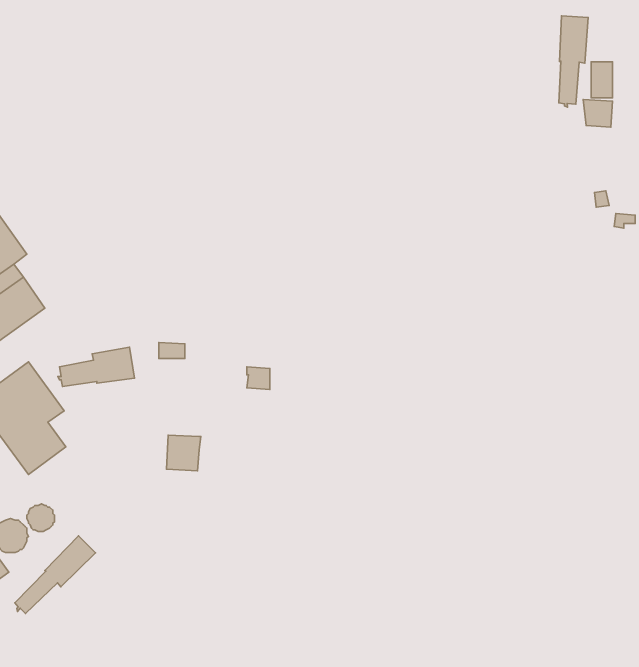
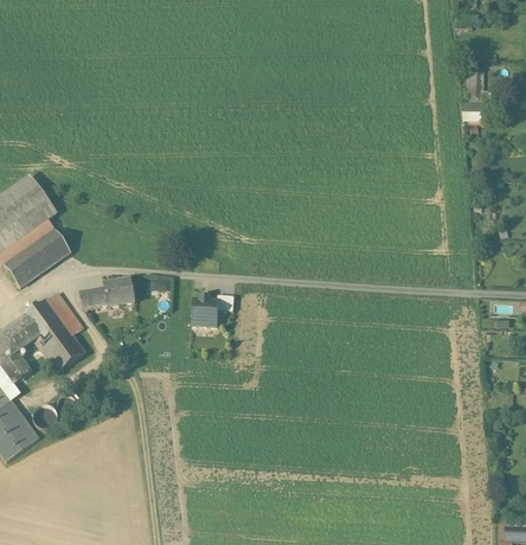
building: [559,16,588,107] -> none
building: [167,435,201,471] -> [193,299,218,325]
building: [15,536,95,614] -> none

